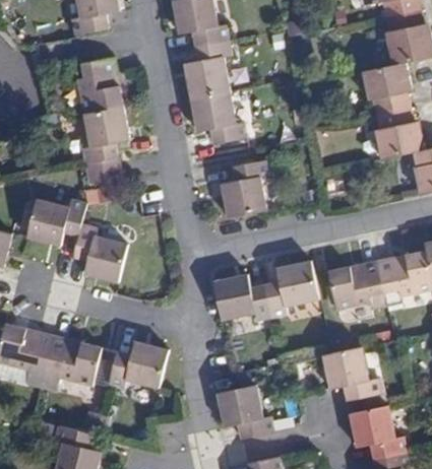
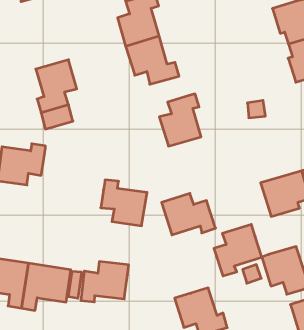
building: [77,58,122,113] -> none
building: [72,224,127,281] -> [101,180,147,226]
building: [264,260,318,316] -> [214,224,262,276]

